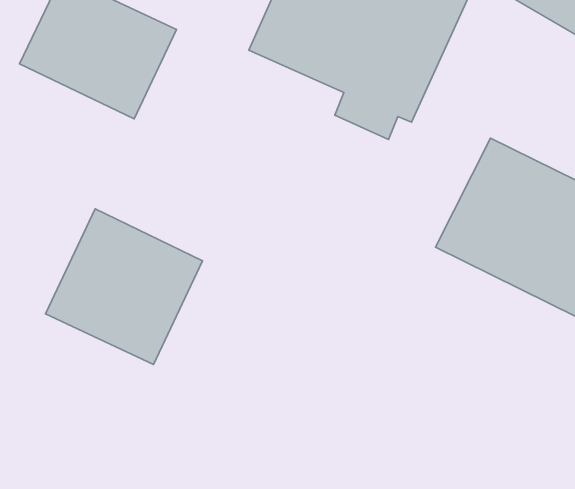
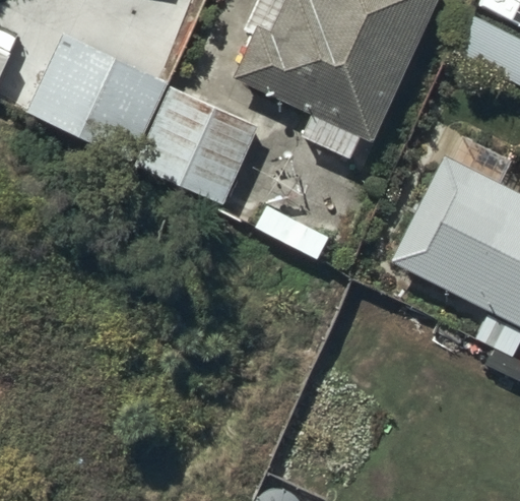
building: none -> [133,84,299,209]
building: [45,209,202,365] -> none

